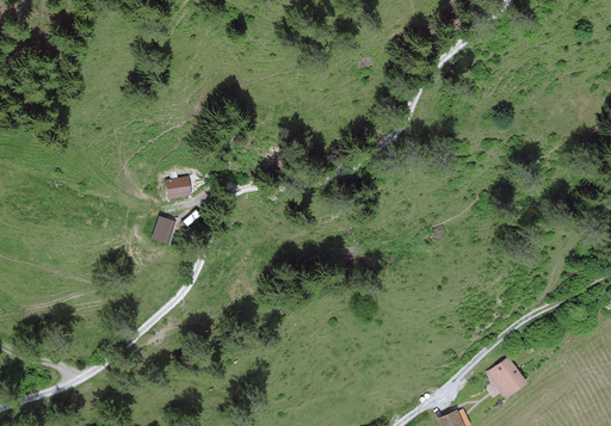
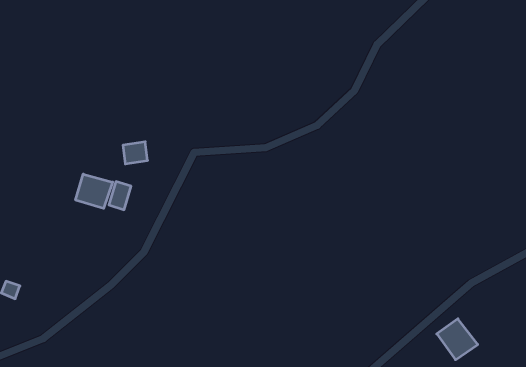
building: none -> [76,174,113,208]

